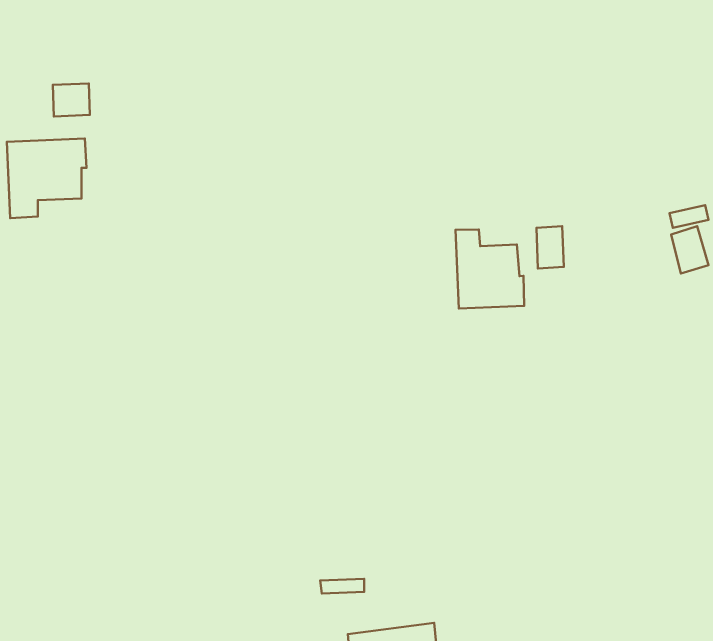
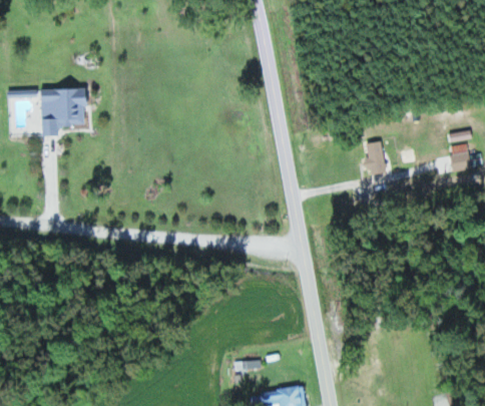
building: [53,83,90,116] -> none
building: [456,229,524,309] -> none

